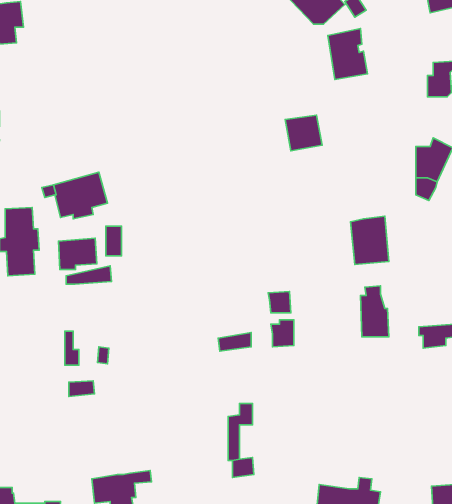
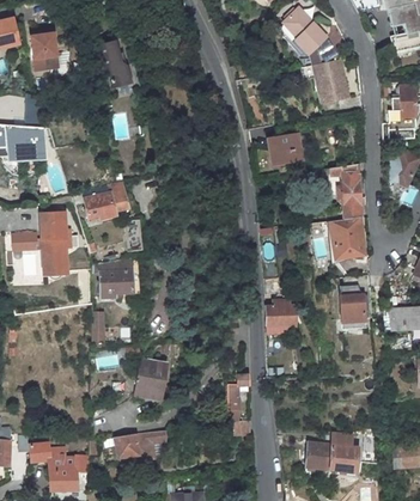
building: none -> [101,43,132,87]
building: none -> [335,164,365,219]
building: [58,238,97,269] -> [101,271,133,298]
building: none -> [136,360,164,395]

